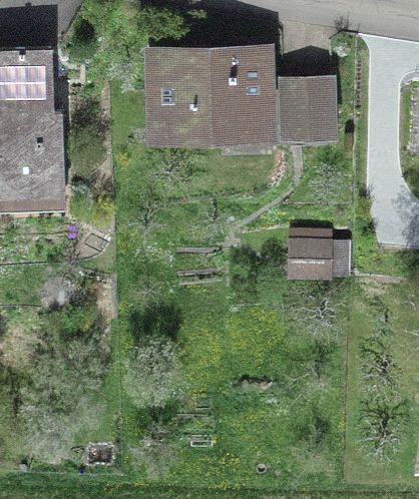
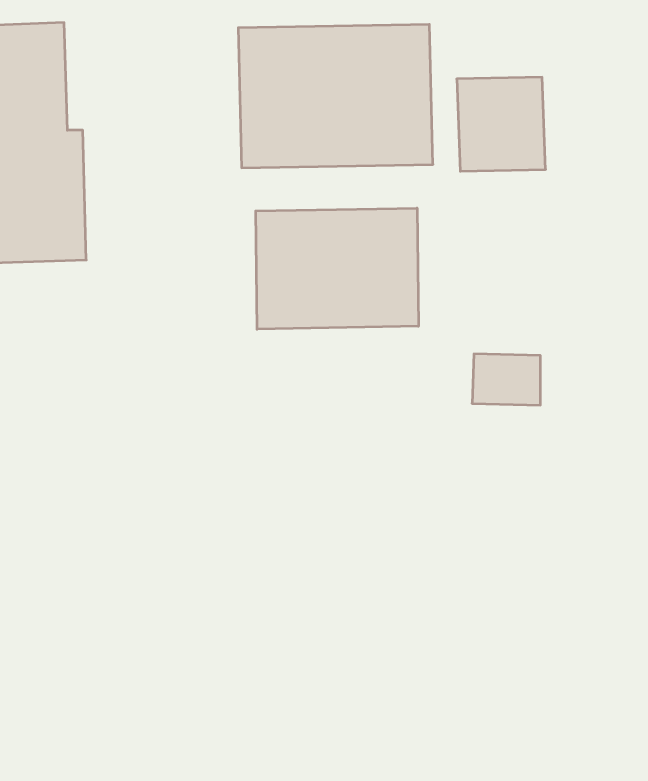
building: none -> [256,208,418,329]

